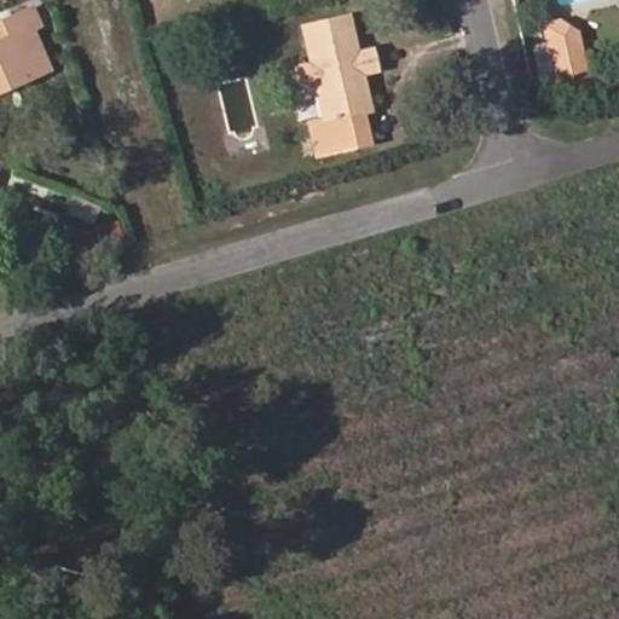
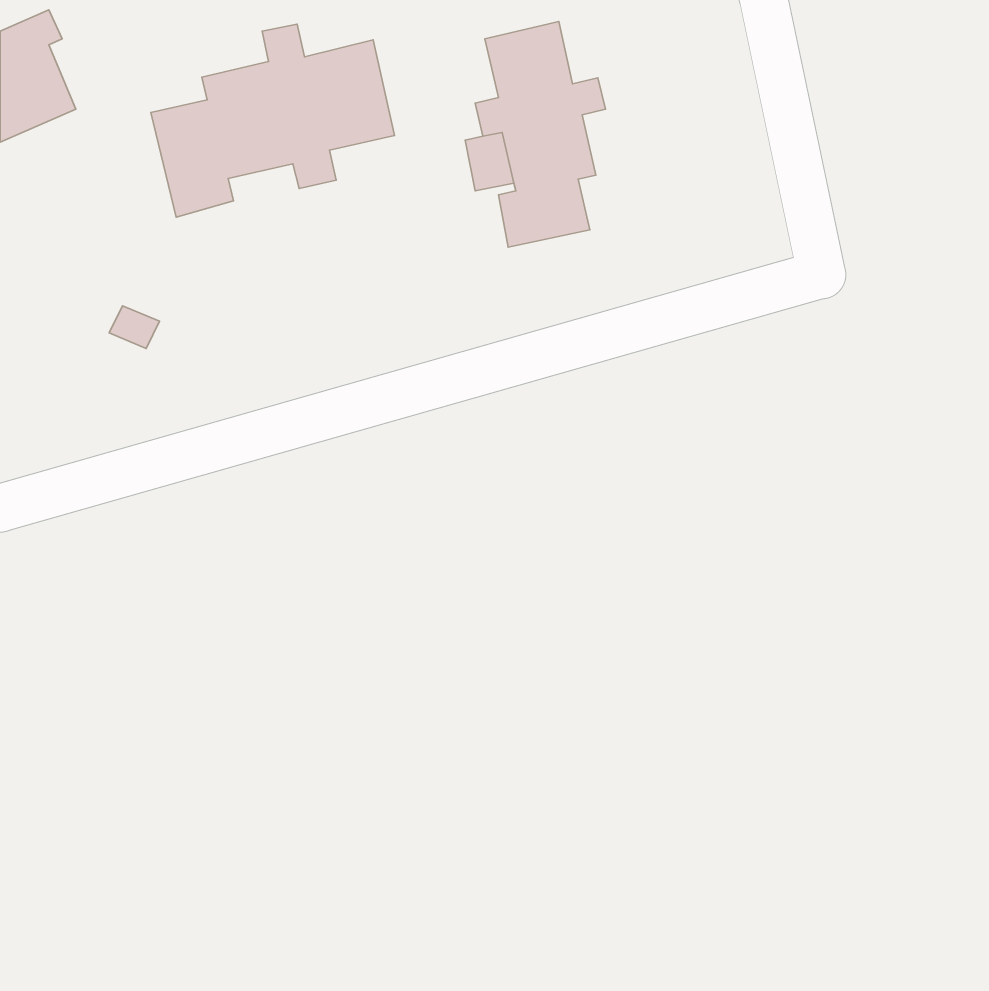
building: none -> [151,24,395,217]
building: [546,21,600,91] -> none

